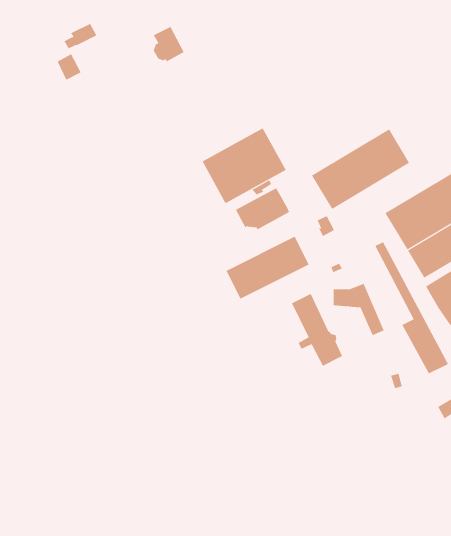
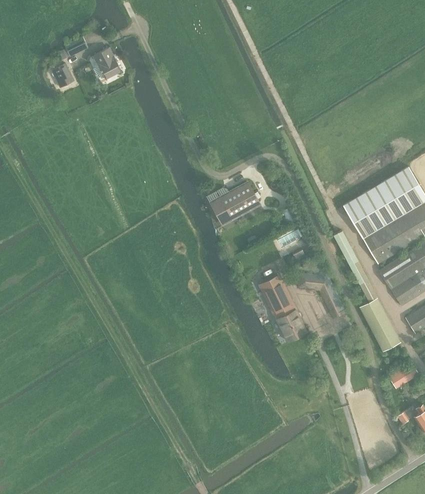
building: [153,26,184,62] -> [92,47,120,79]
building: [202,128,286,204] -> none
building: [311,128,410,210] -> none
building: [226,236,309,300] -> none

